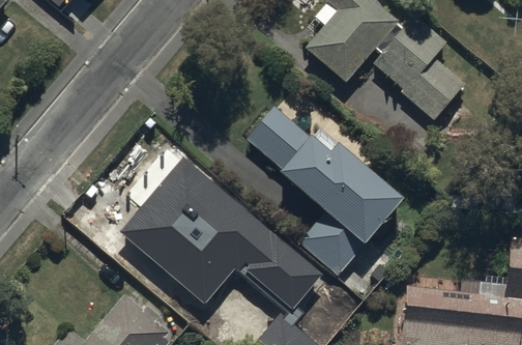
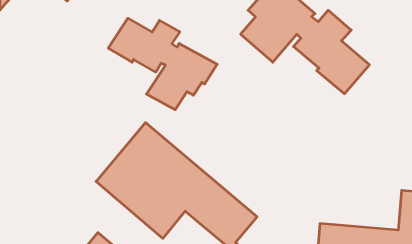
building: none -> [108,18,217,110]
building: [245,106,401,278] -> none

